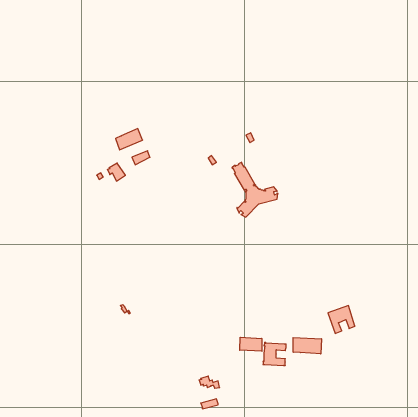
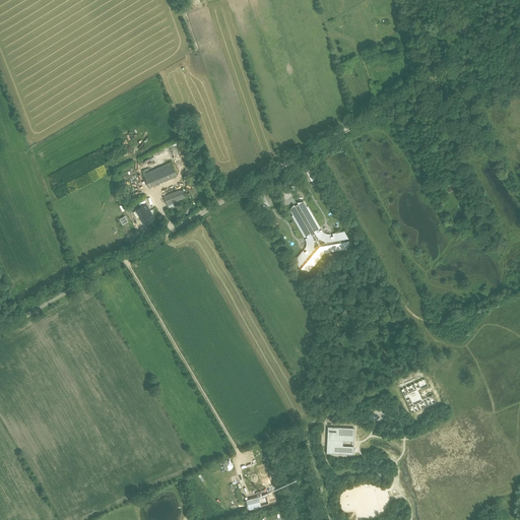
building: [240,337,262,351] -> none
building: [293,338,321,354] -> none

